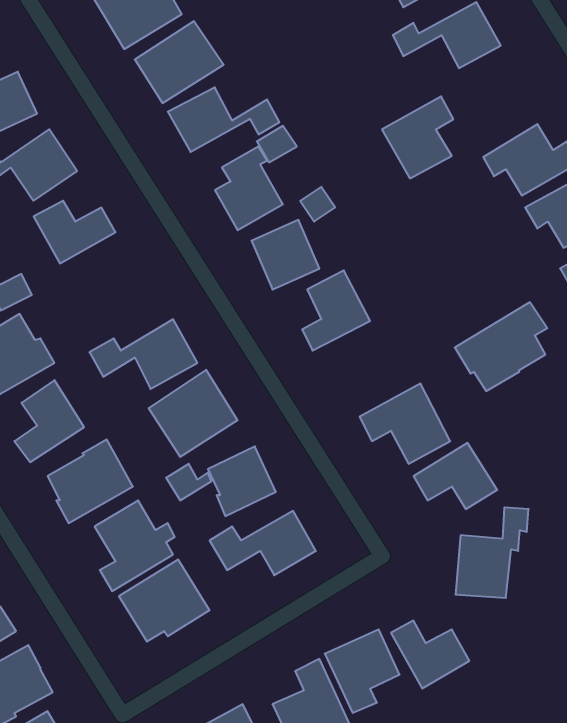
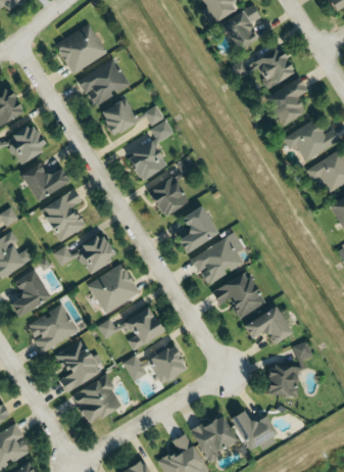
building: [382,96,453,178] -> [264,78,306,126]
building: none -> [41,190,85,242]
building: [455,302,547,391] -> [191,233,245,285]

